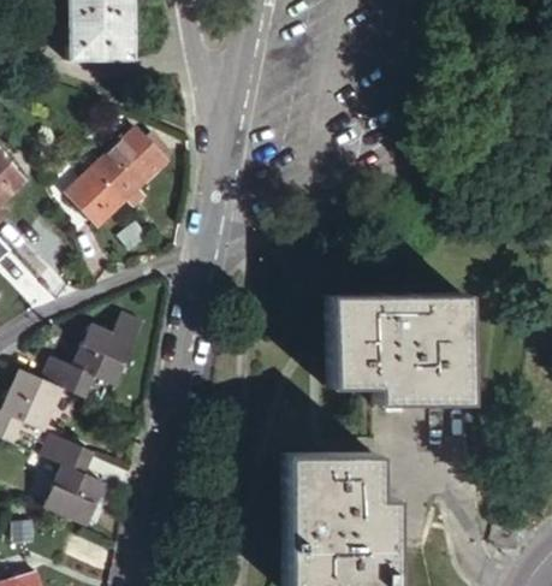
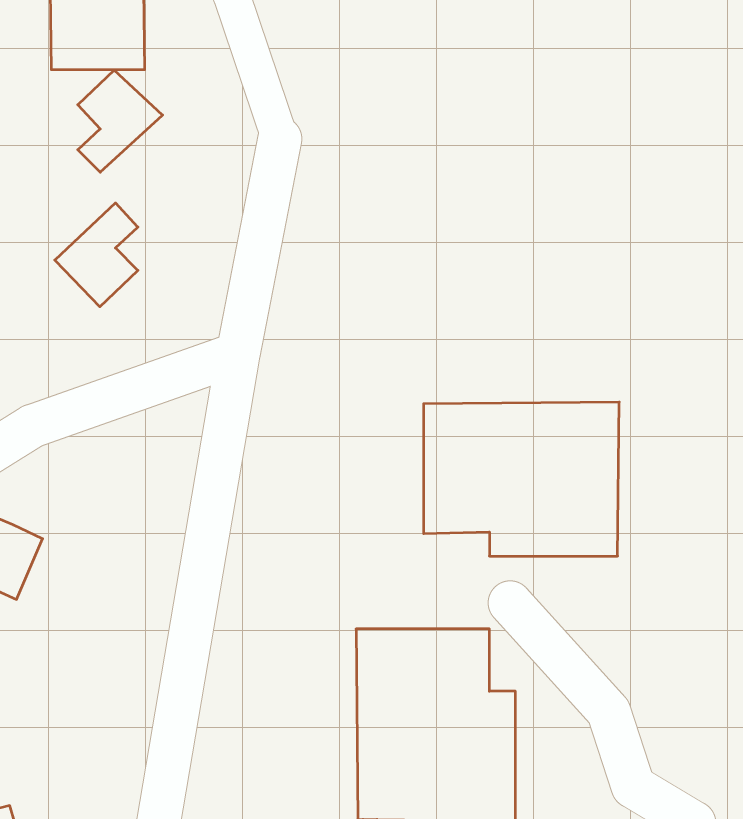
building: [113,131,172,202] -> [78,70,163,172]
building: [42,312,149,398] -> none
building: [42,433,108,526] -> none

